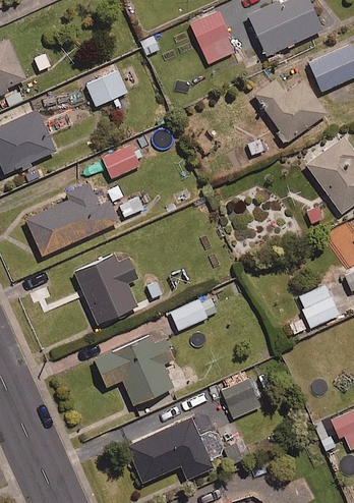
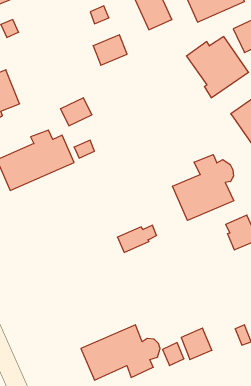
building: [85,69,126,106] -> [93,35,127,65]
building: none -> [173,155,234,220]
building: [75,252,137,324] -> none
building: [95,332,173,405] -> none
building: [222,380,258,417] -> [181,328,212,360]

